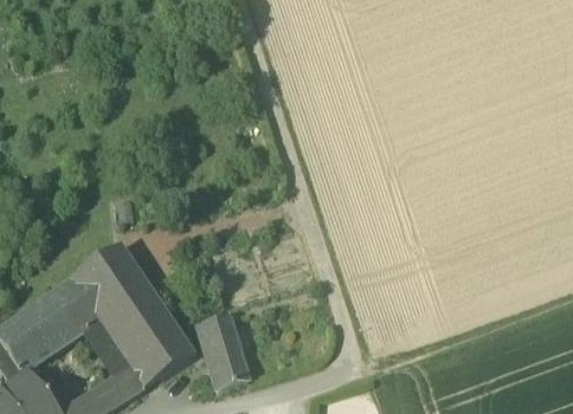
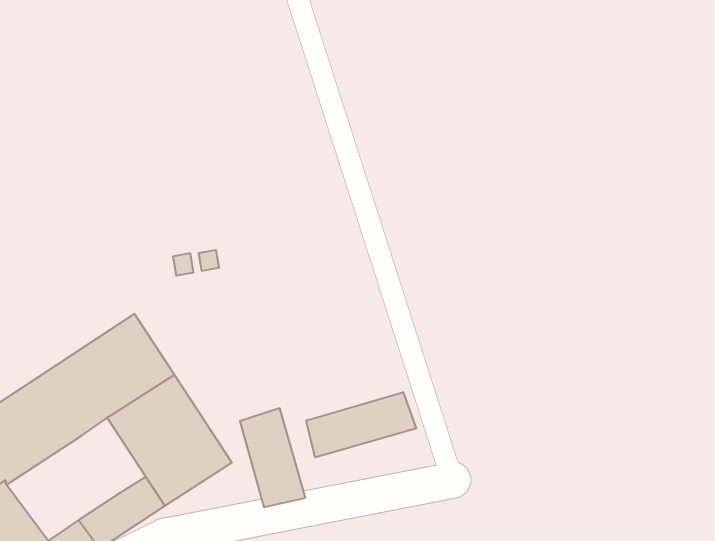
building: none -> [306,392,416,457]
building: [83,321,130,376] -> none

